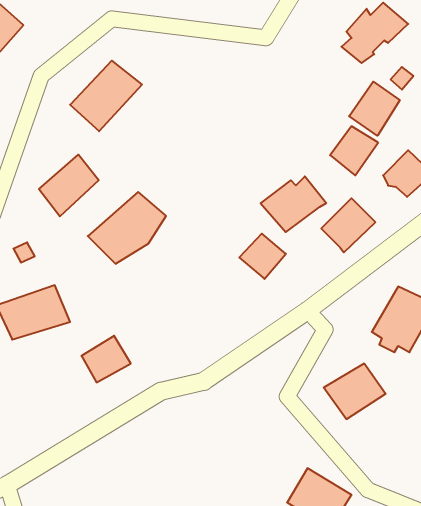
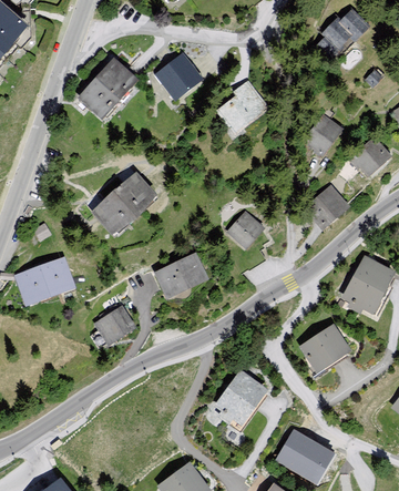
building: none -> [151,55,202,103]
building: [349,82,400,136] -> none
building: [39,155,99,216] -> none
building: [261,176,326,232] -> [215,89,273,137]
building: none -> [154,254,215,301]
building: none -> [211,371,269,432]

